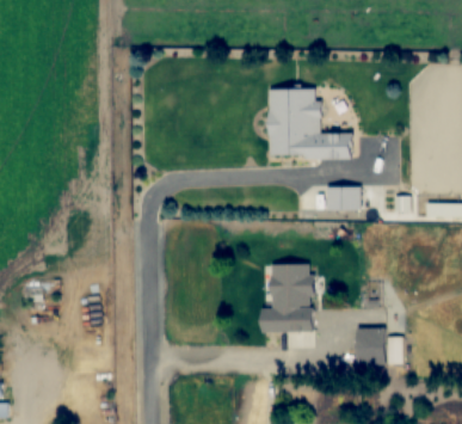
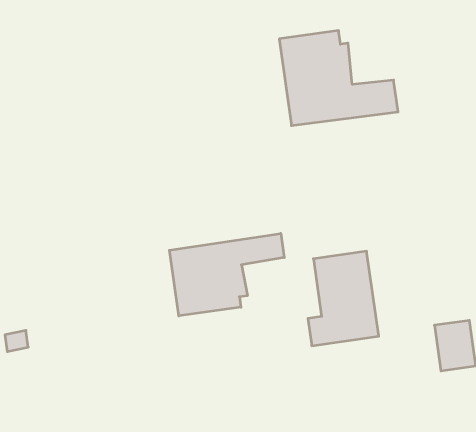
building: [325,188,368,210] -> none
building: none -> [169,233,284,316]

